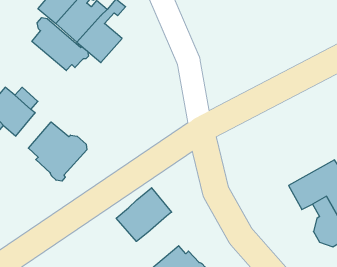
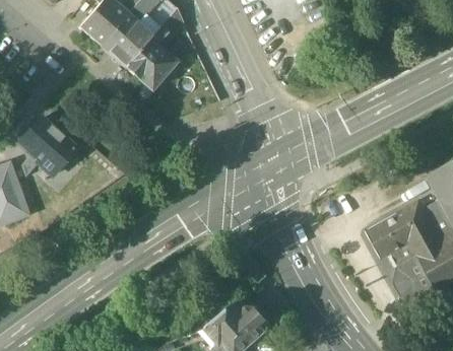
building: [32,18,89,71] -> none
building: [28,122,87,181] -> none
building: [116,188,172,241] -> none

